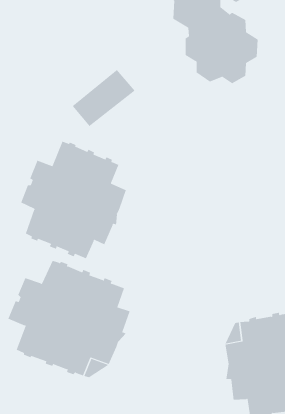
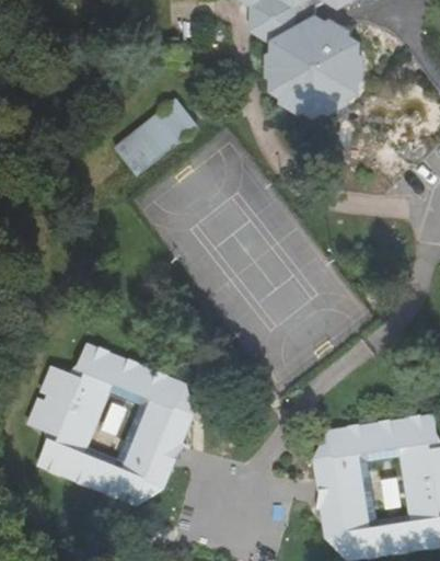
building: [20,141,127,259] -> none

